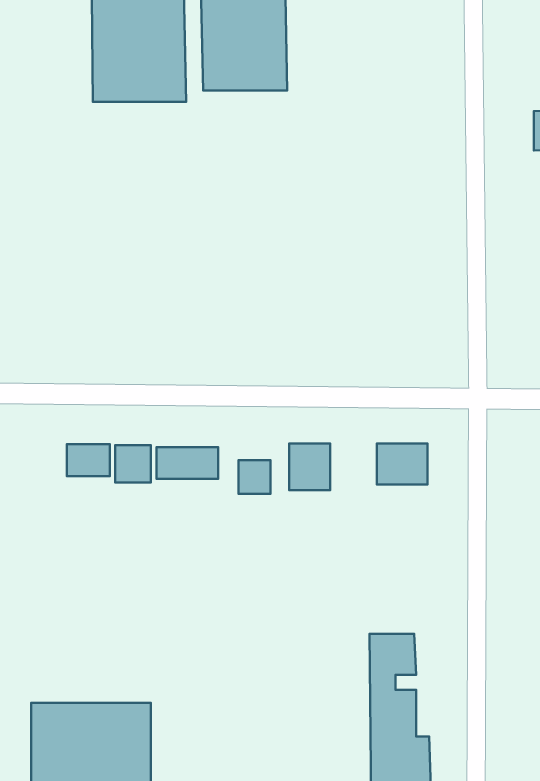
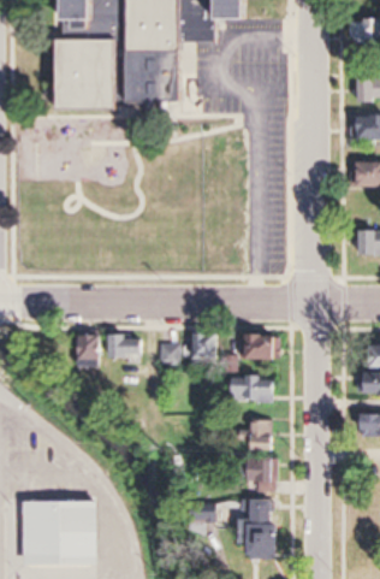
building: [67,444,110,476] -> none
building: none -> [224,374,273,400]
building: none -> [237,419,268,449]

